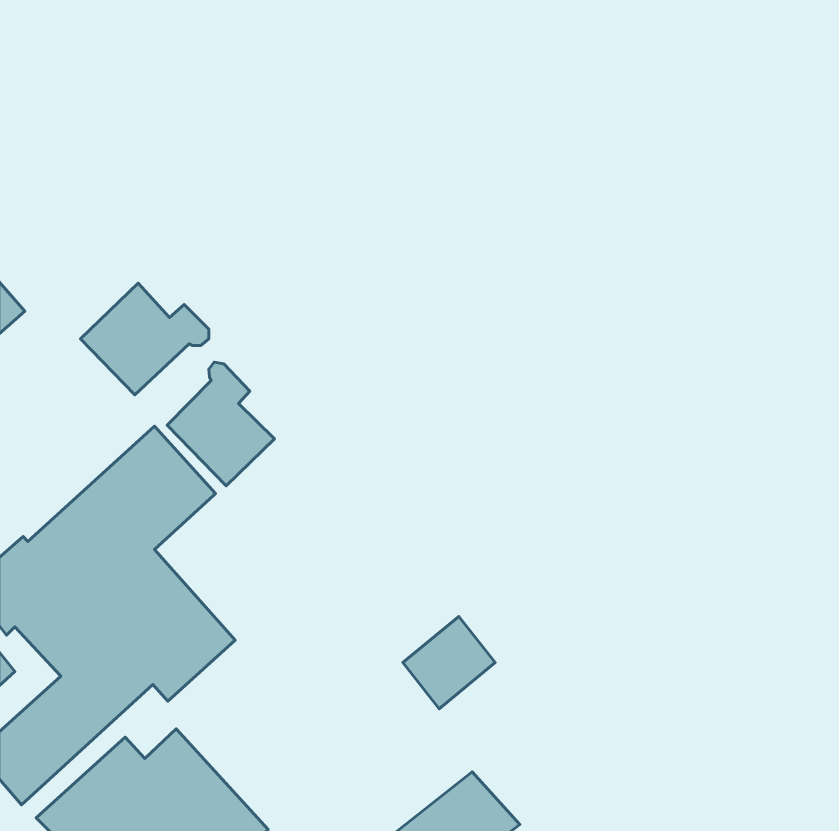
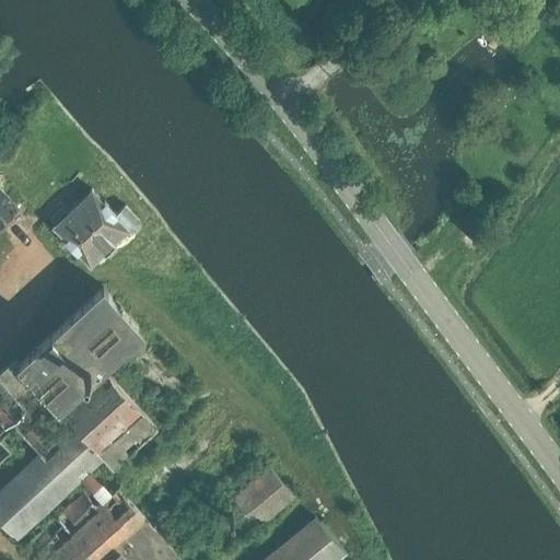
building: [167,362,275,486] -> none
building: [403,617,495,709] -> [233,470,294,532]

